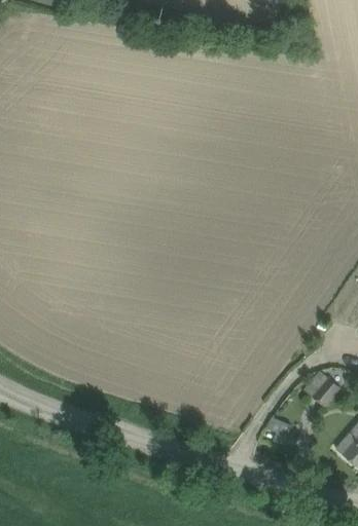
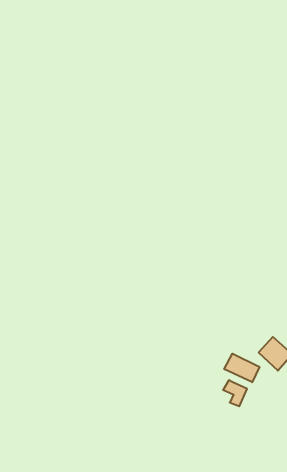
building: none -> [224,354,259,382]

